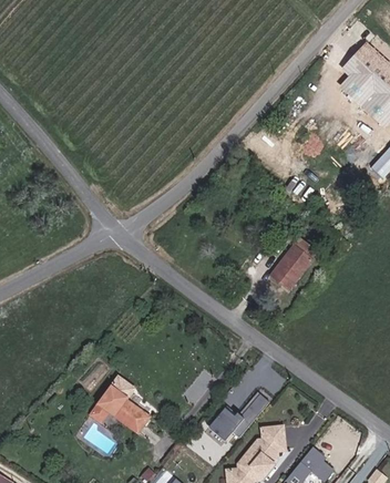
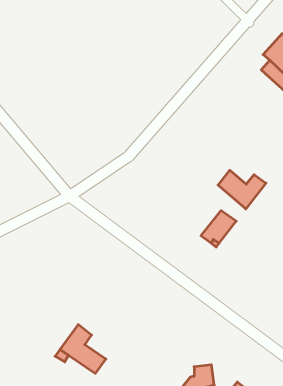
building: none -> [218,170,266,209]
building: [209,392,270,441] -> none

